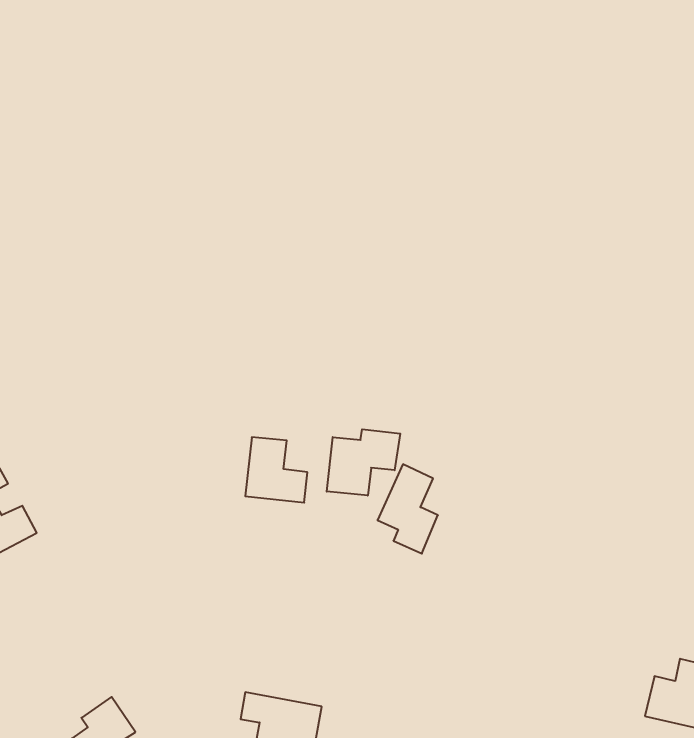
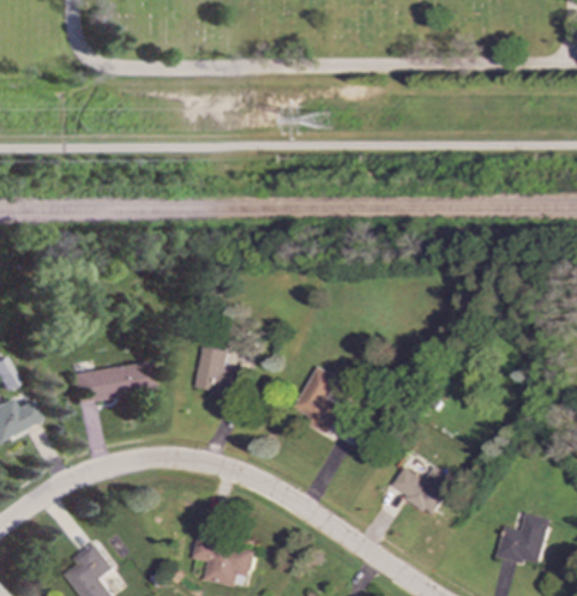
building: [327,429,400,496] -> none
building: none -> [70,361,149,399]
building: none -> [390,465,453,514]

